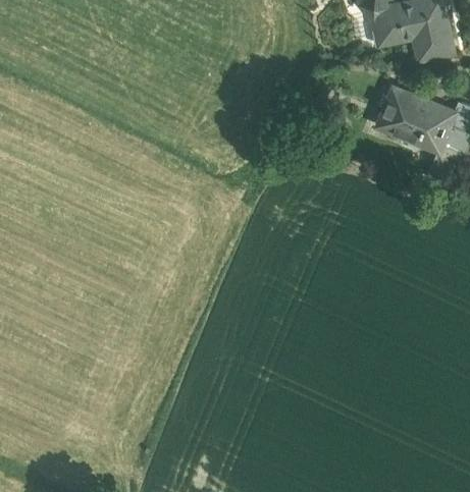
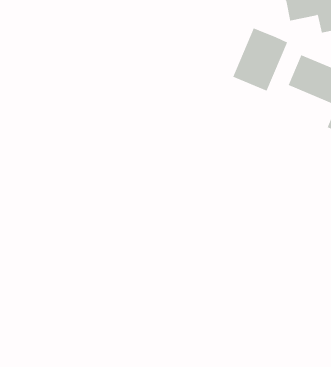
building: none -> [233,28,288,92]

